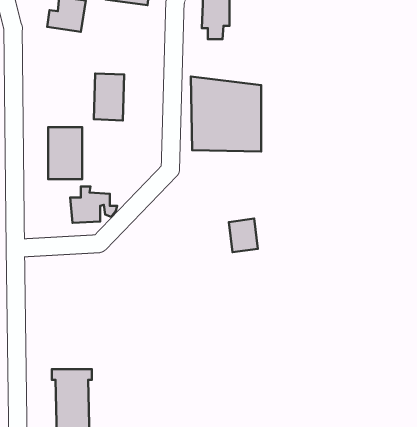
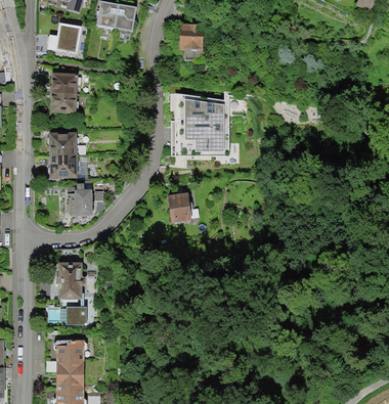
building: [94,73,124,121] -> [51,74,77,114]
building: [229,218,258,252] -> [167,192,191,221]
building: none -> [58,259,84,322]

